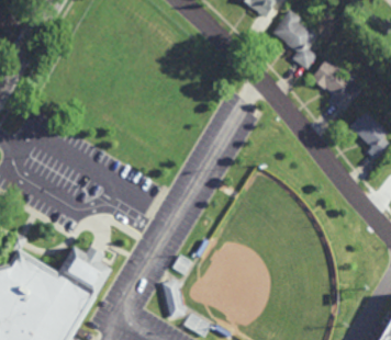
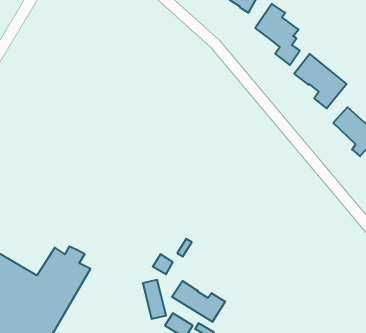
building: none -> [172,281,225,322]

